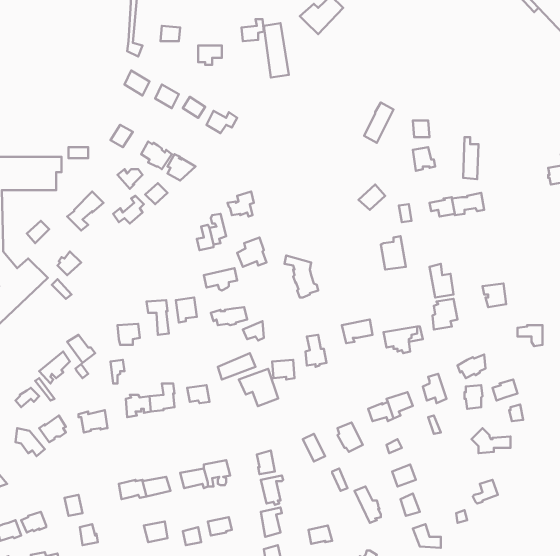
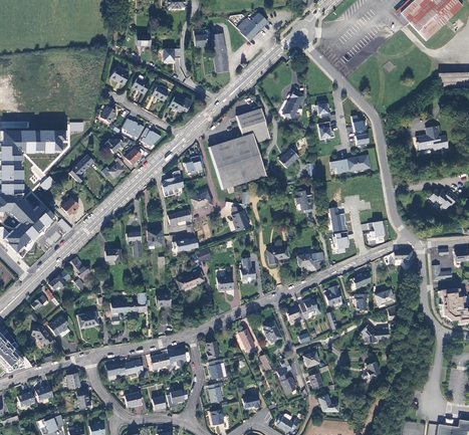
building: none -> [208,108,269,190]
building: [239,369,278,406] -> none

